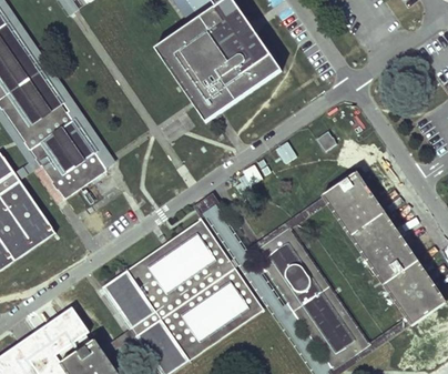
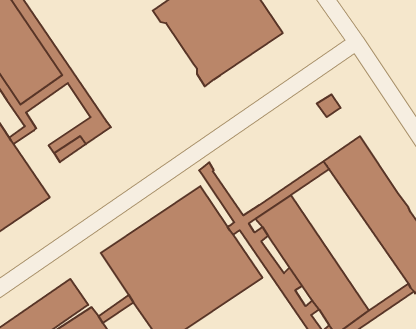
building: [30,119,93,180] -> none

